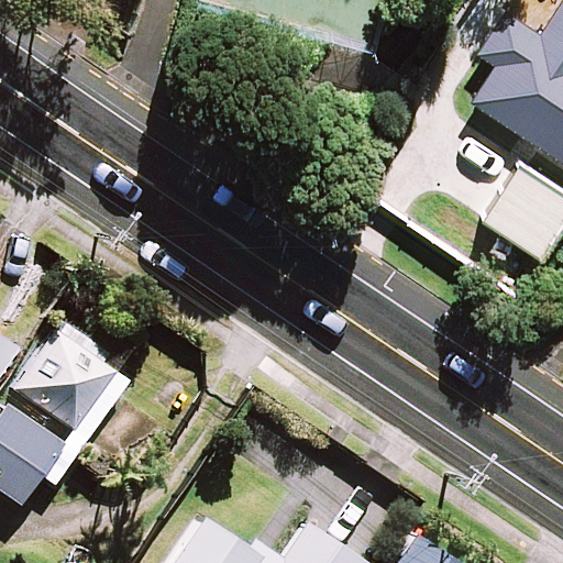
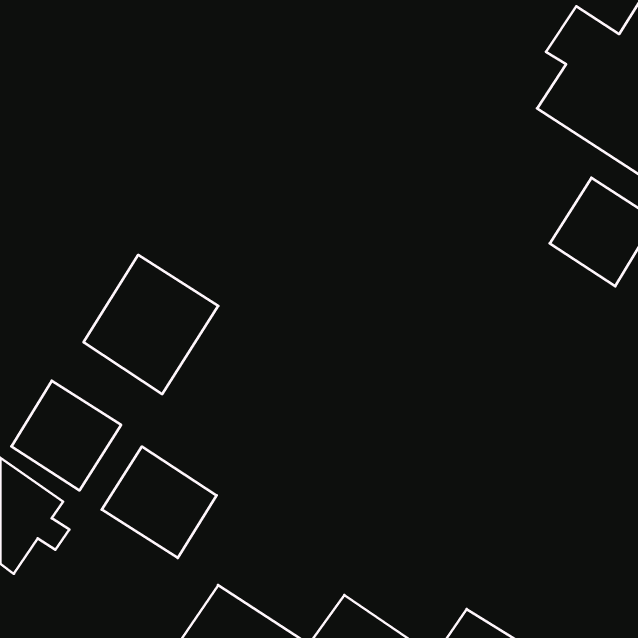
building: none -> [84,255,218,394]
building: none -> [102,447,217,558]

